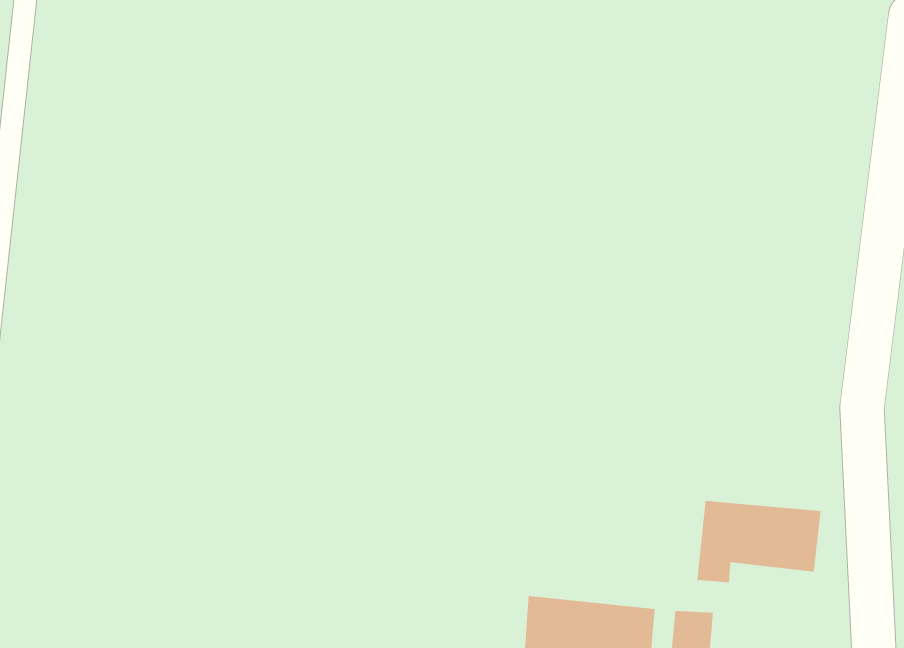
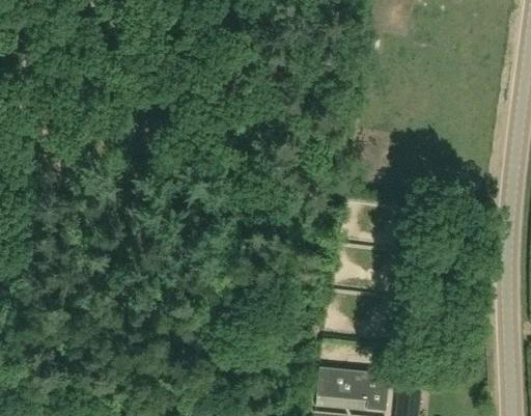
building: [697,500,821,583] -> none

